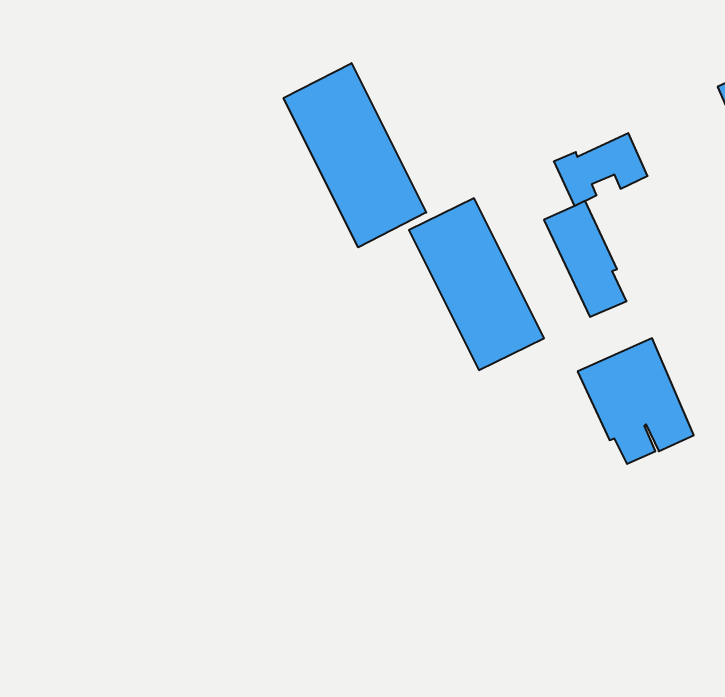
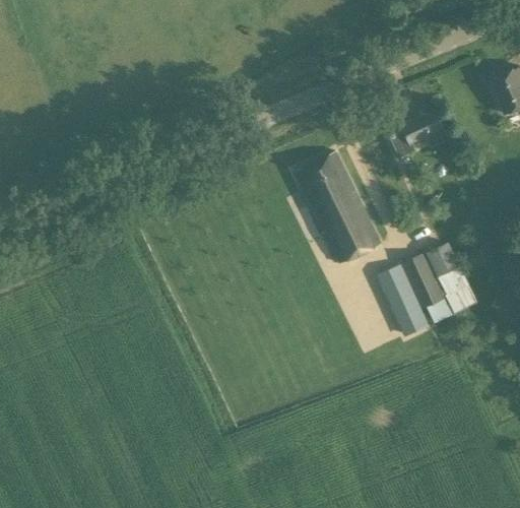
building: [284,63,426,247] -> none
building: [544,201,627,317] -> [377,262,430,336]

